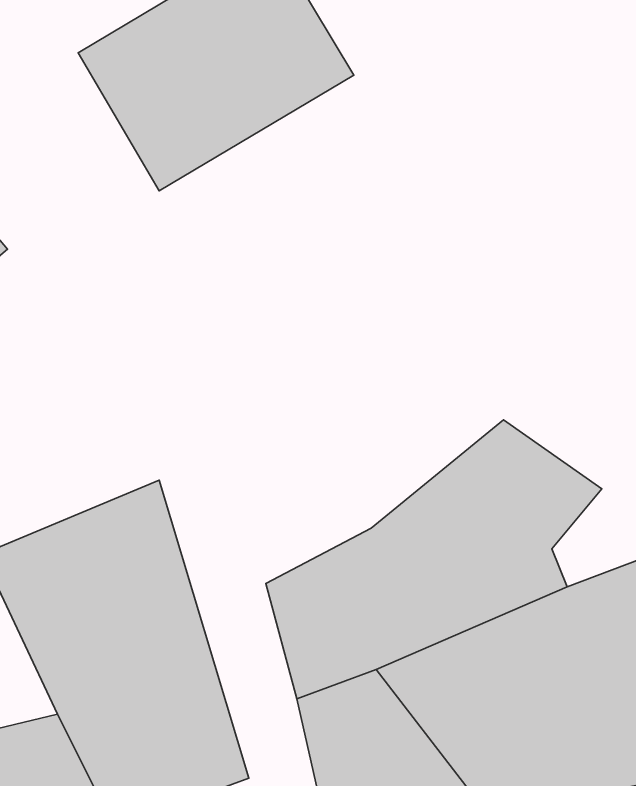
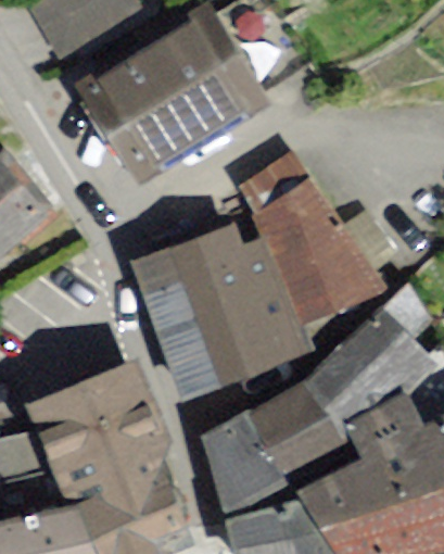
building: none -> [245,158,375,318]
building: none -> [143,232,303,391]

